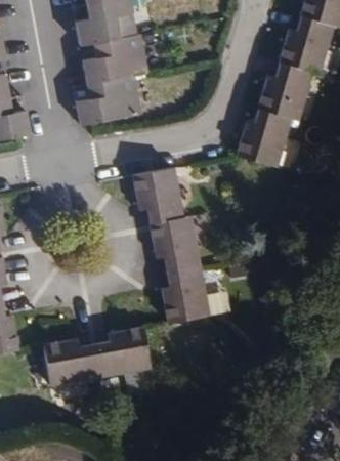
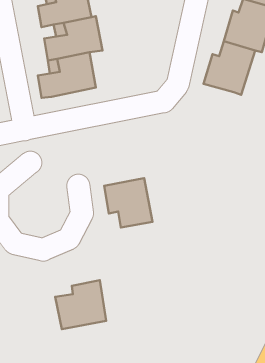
building: [235,109,291,167] -> none
building: [132,166,185,221] -> none
building: [160,261,210,322] -> none
building: [40,338,100,389] -> none

